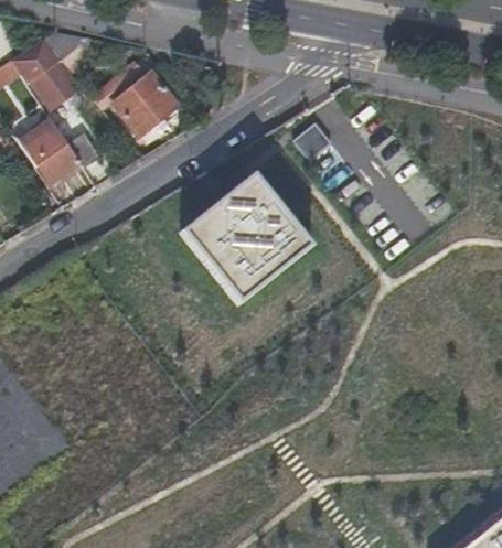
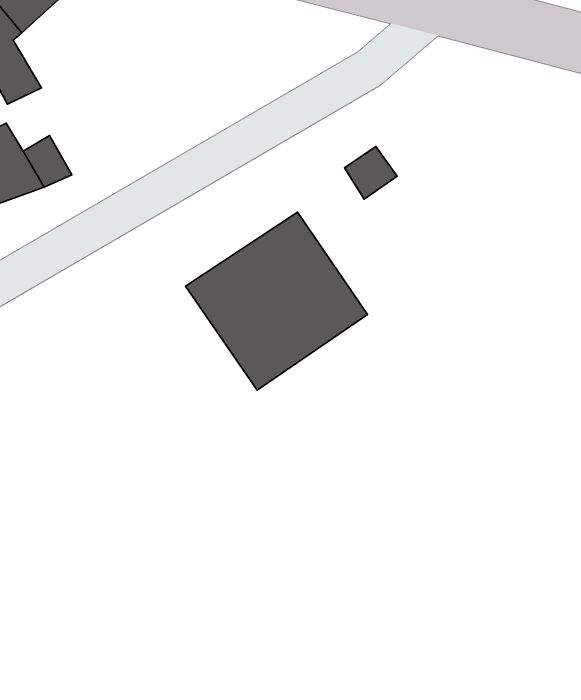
building: [109,68,179,136] -> none

